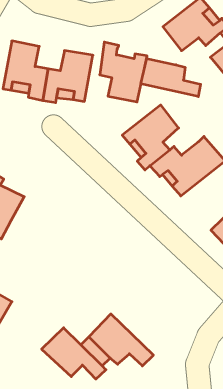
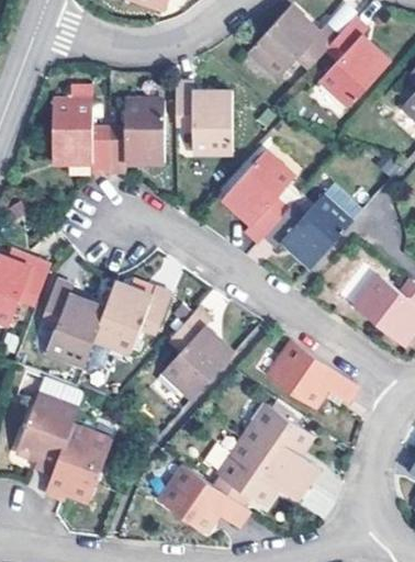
building: [141,58,201,97] -> none
building: none -> [92,280,171,352]
building: none -> [162,307,234,397]
building: none -> [269,341,359,406]
building: none -> [244,404,321,483]

